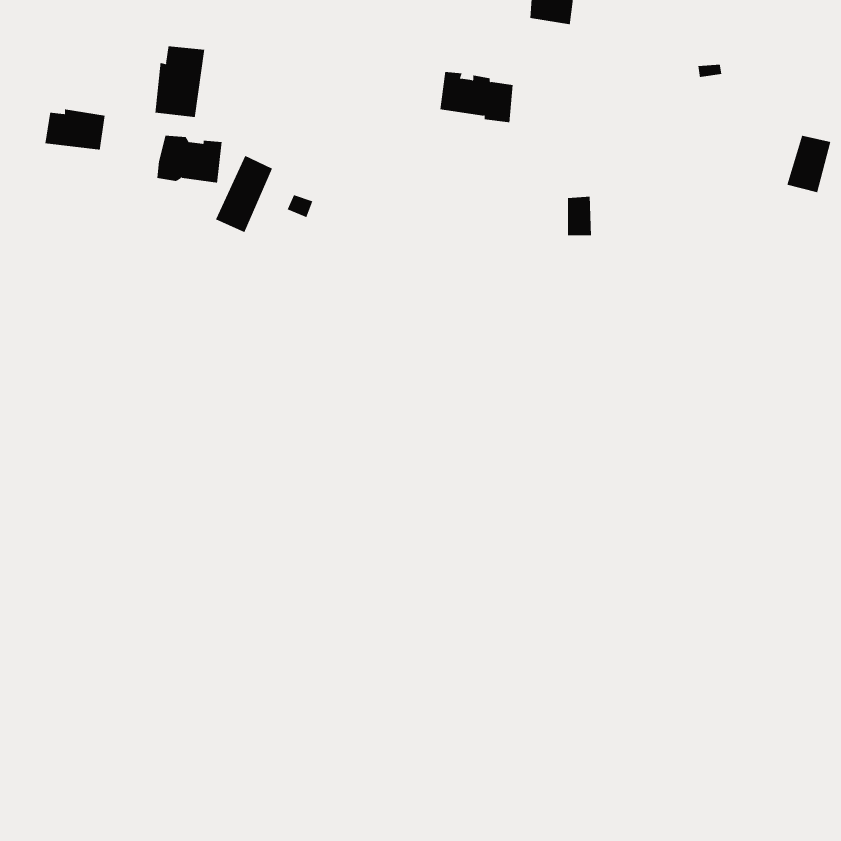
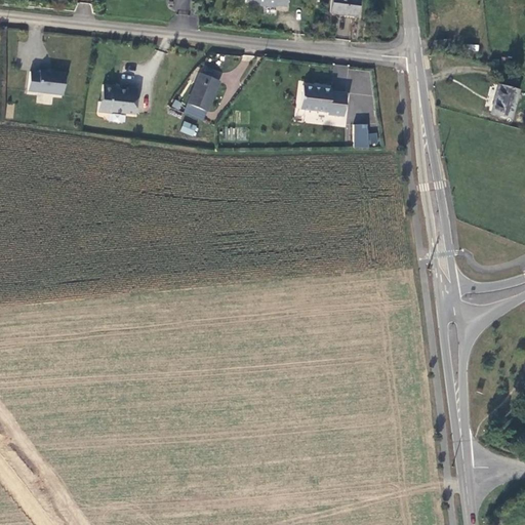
building: [155,45,205,118] -> none
building: [439,72,514,123] -> [300,85,347,117]
building: [215,155,273,233] -> [183,72,218,120]

